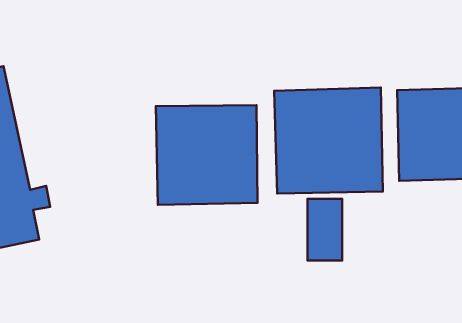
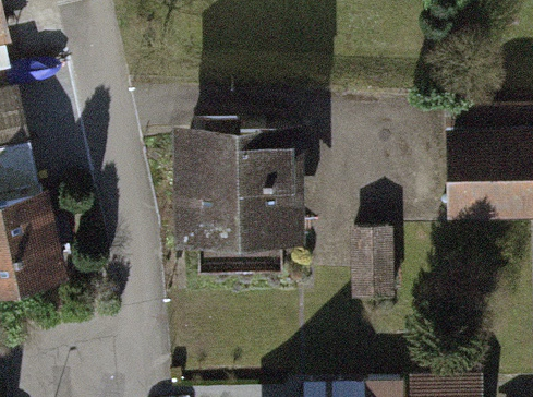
building: [274,87,383,194] -> none

